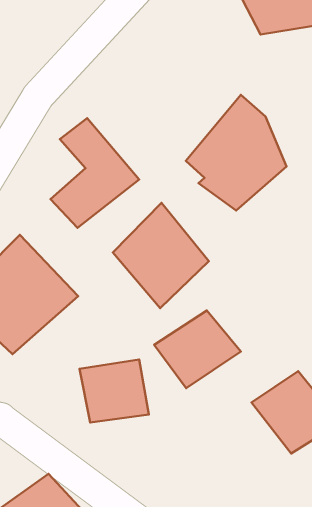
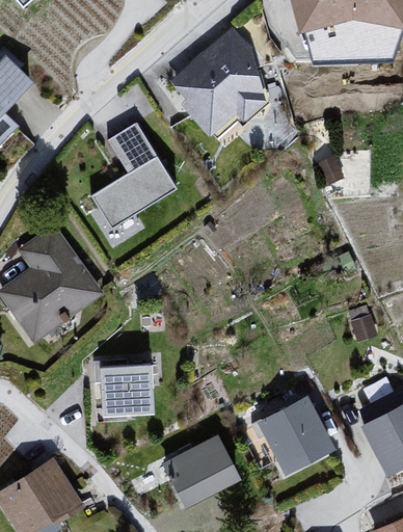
building: [186,95,287,210] -> [170,27,266,137]
building: [113,203,209,308] -> none
building: [154,310,241,388] -> [159,434,241,506]

